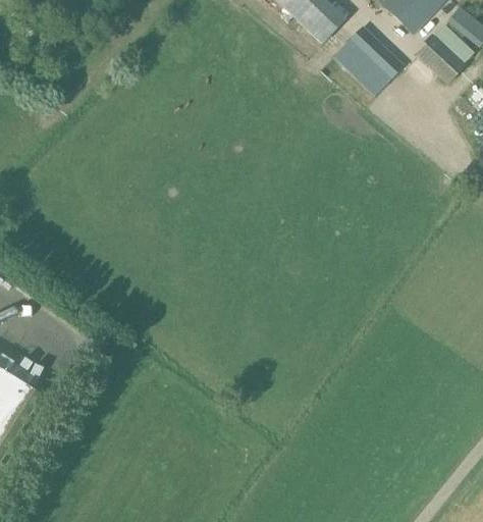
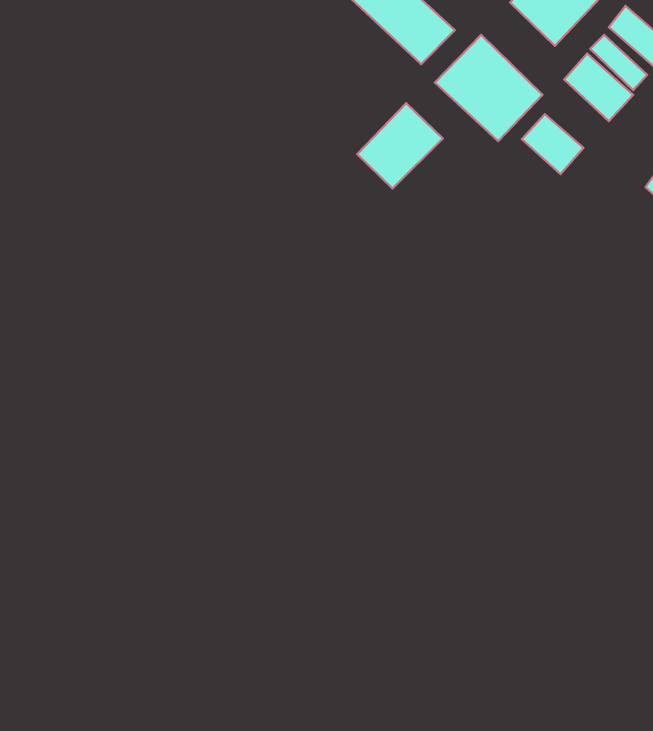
building: none -> [357,103,443,188]
building: none -> [522,114,584,174]

